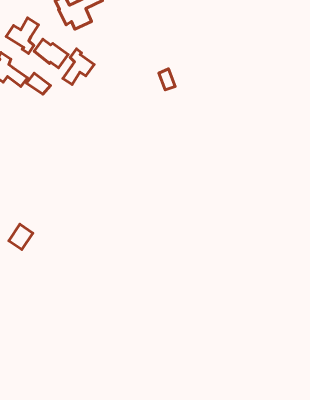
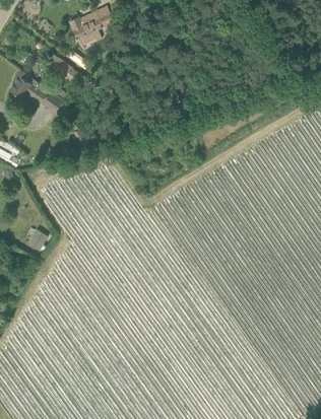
building: [6,18,39,54] -> none
building: [63,49,94,85] -> none

